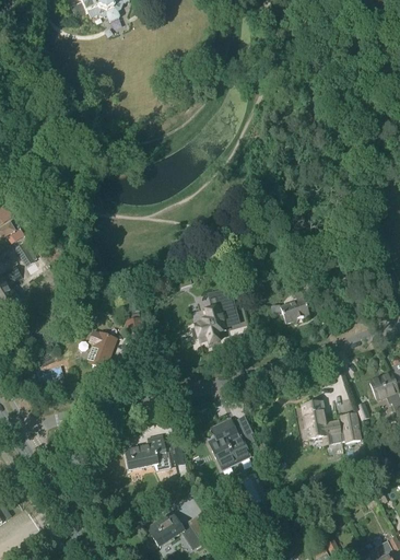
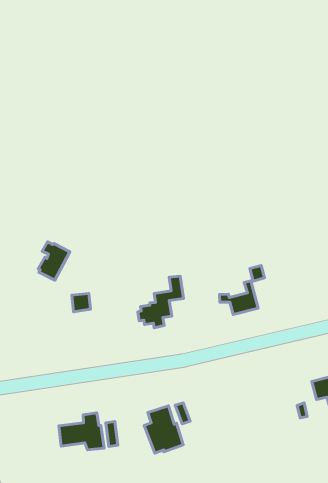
building: [86,330,116,368] -> [38,242,70,280]
building: [304,401,360,444] -> none

